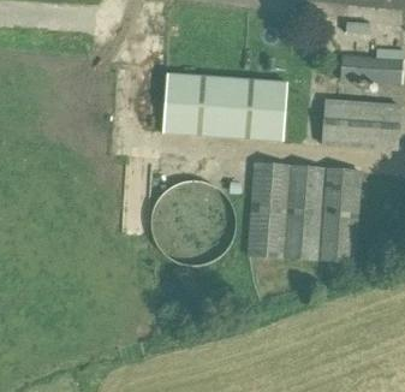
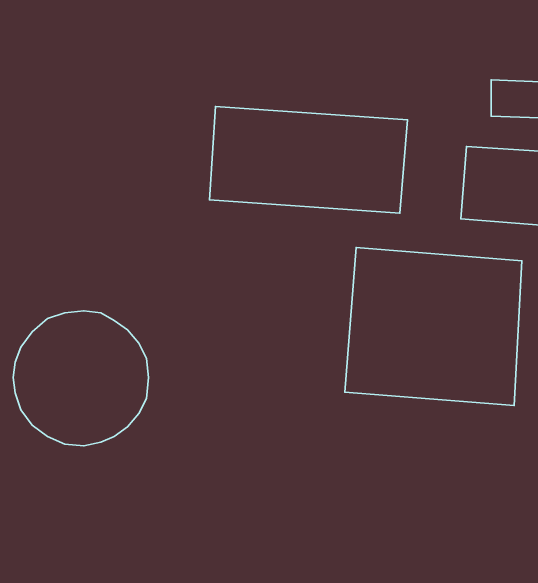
building: [148,180,233,266] -> [13,311,148,446]

